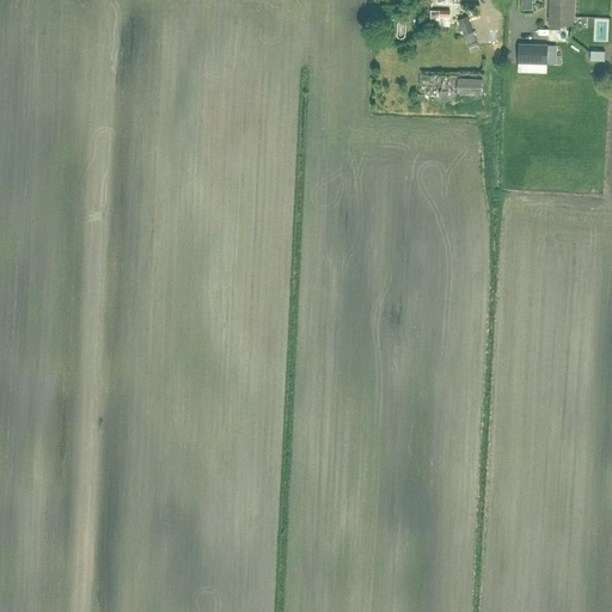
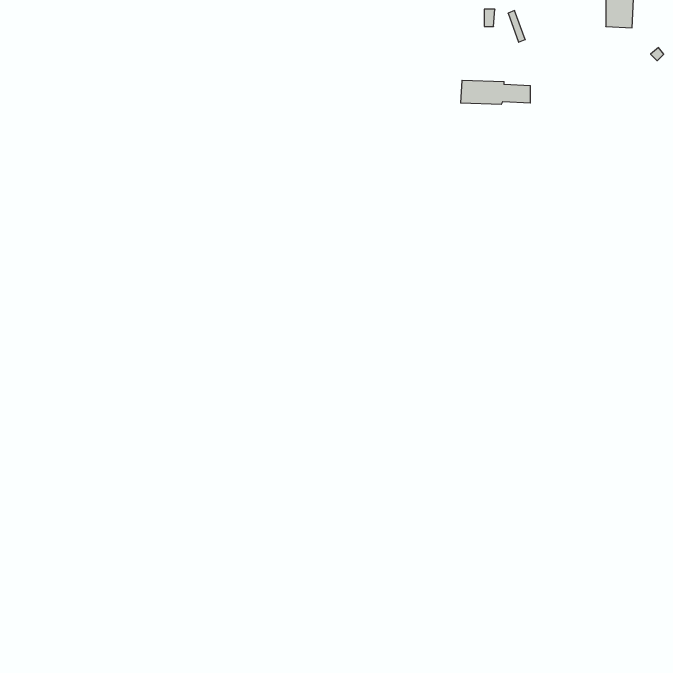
building: [518,43,547,63] -> none

